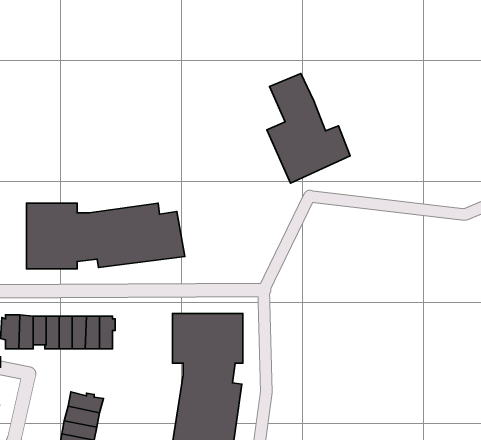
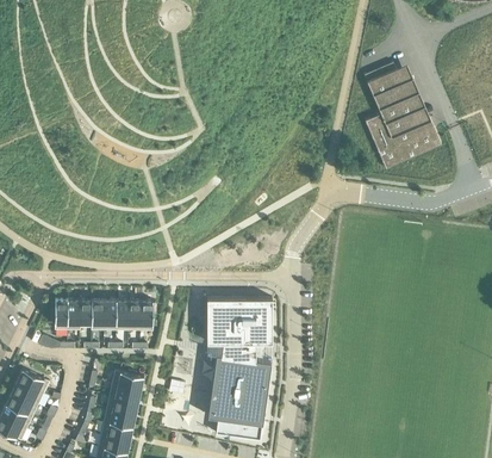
building: [267,74,350,183] -> [366,69,442,169]
building: [27,203,185,269] -> none

